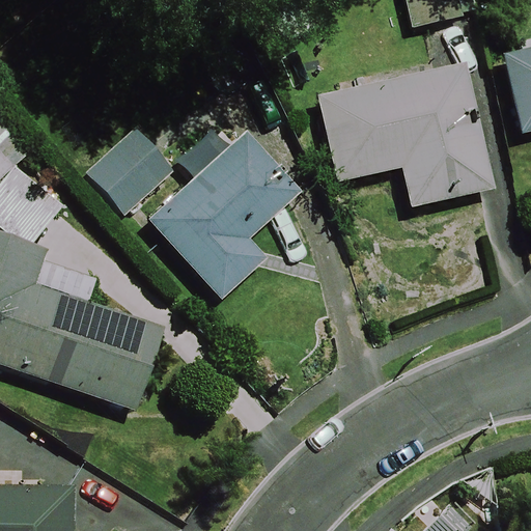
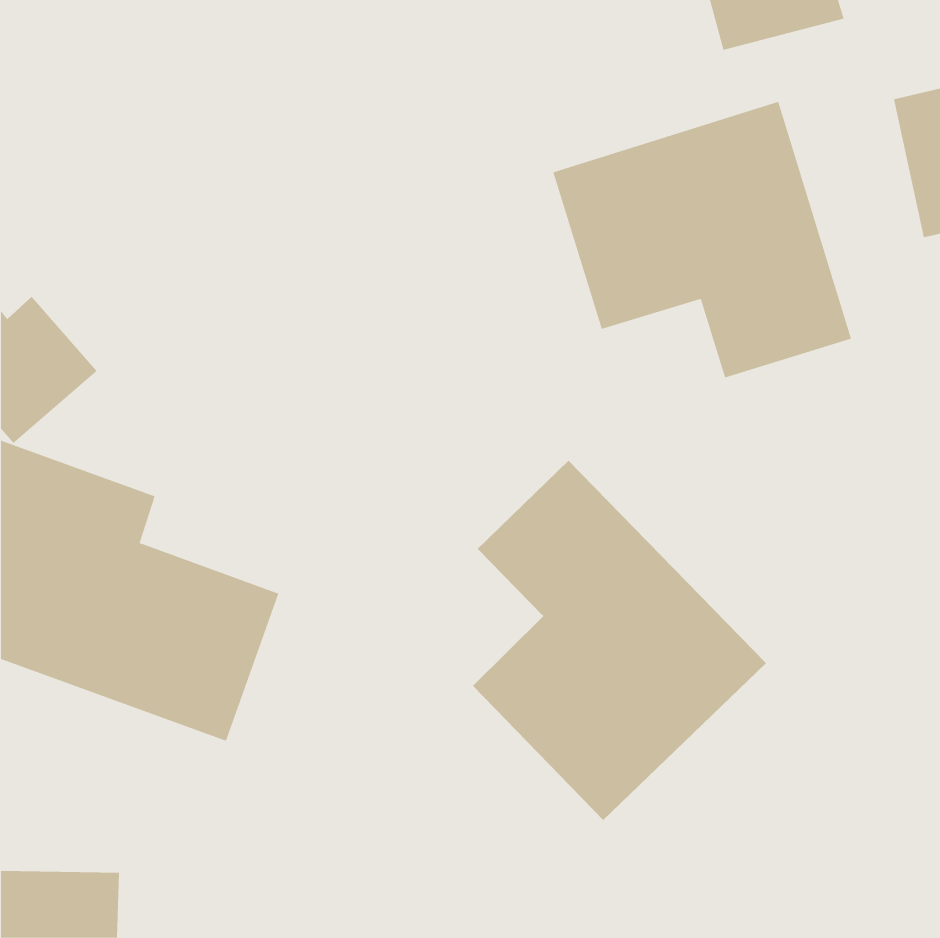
building: [72,103,304,300] -> none
building: none -> [472,460,767,821]

